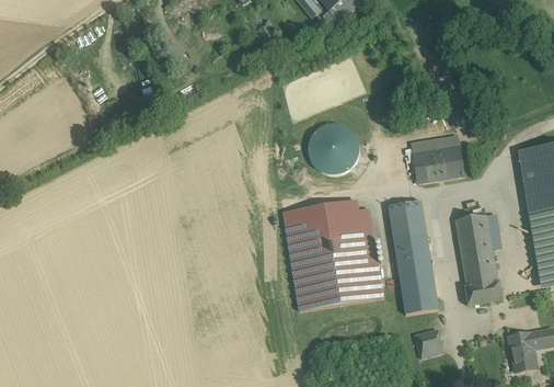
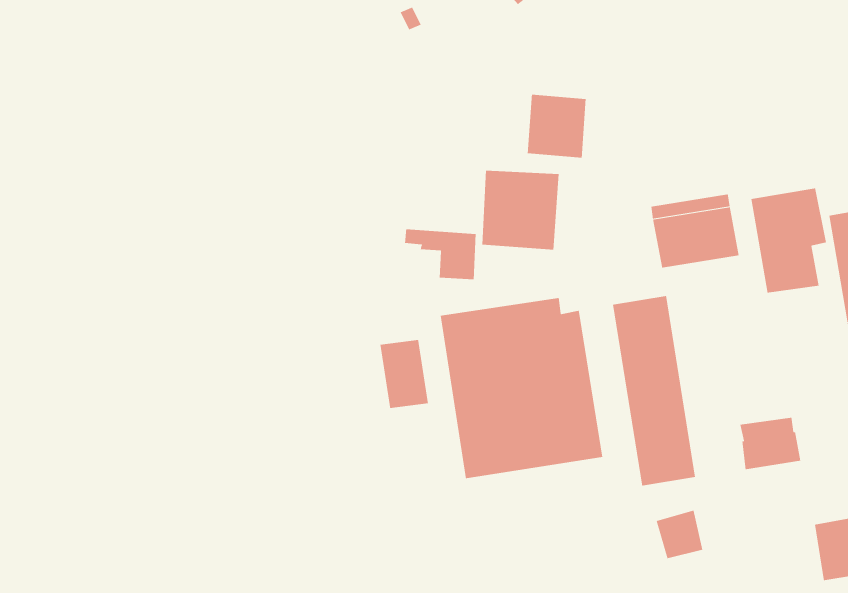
building: none -> [527,94,586,158]
building: none -> [404,228,476,280]
building: [454,213,500,276] -> [750,188,827,293]
building: none -> [380,339,428,409]

